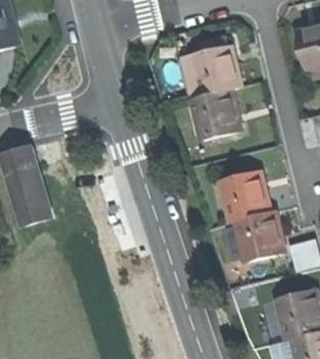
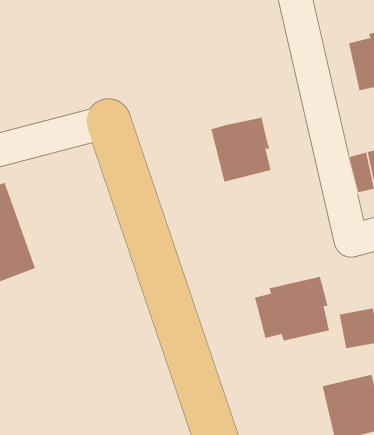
building: [189,47,238,97] -> none
building: [217,171,268,223] -> none

